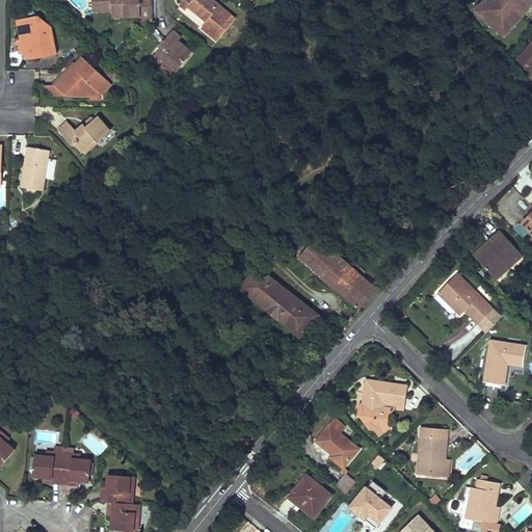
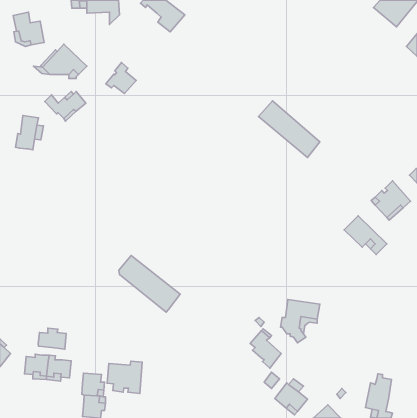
building: [152,30,190,70] -> [106,63,136,94]
building: [297,237,375,309] -> [259,101,320,157]
building: [239,266,317,338] -> [119,256,180,312]
building: [484,341,525,384] -> none
building: none -> [38,328,66,349]
building: [417,427,446,476] -> none
building: none -> [107,361,142,394]
building: [288,475,330,517] -> none

